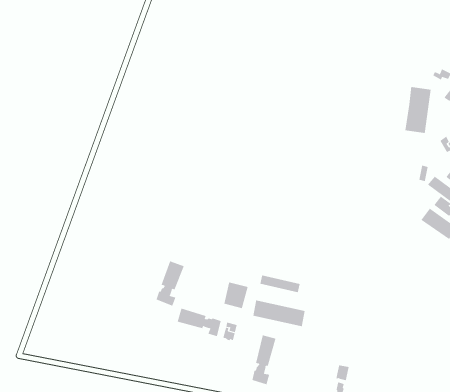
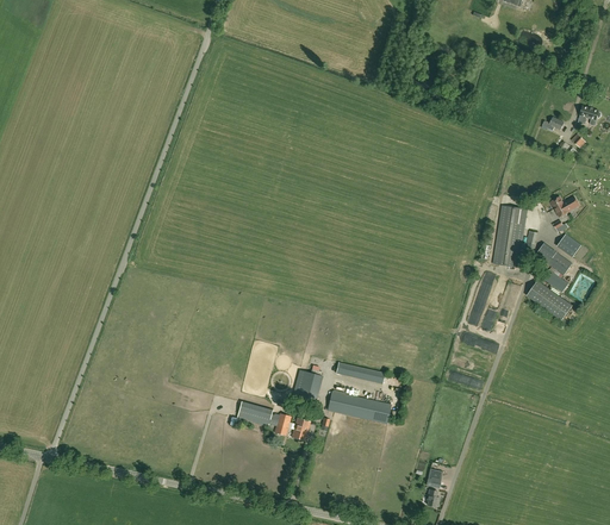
building: [405,86,432,133] -> [494,206,527,262]
building: [156,260,185,307] -> none
building: [252,335,276,385] -> none

